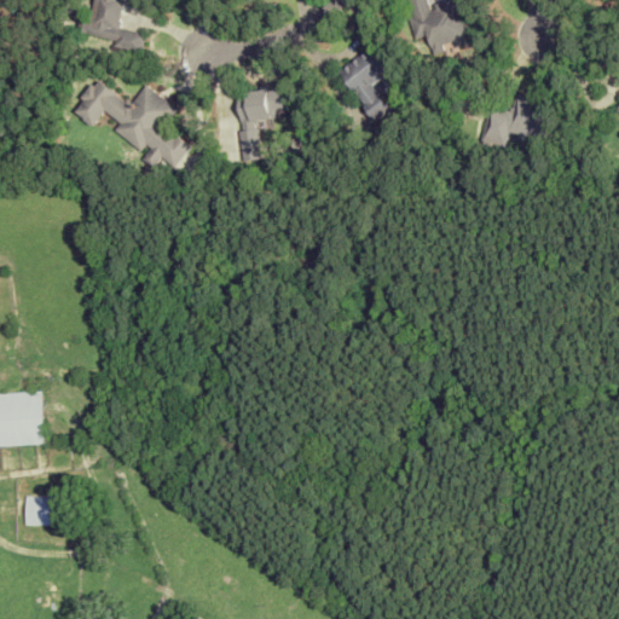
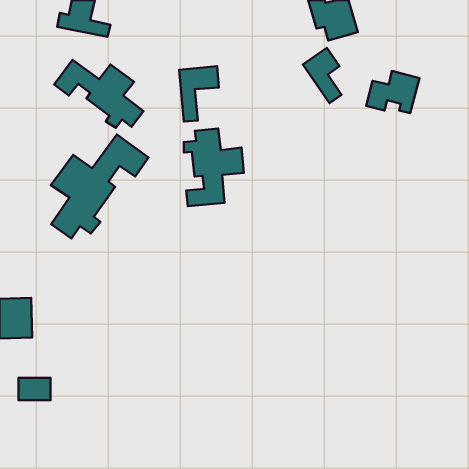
building: [339,48,389,121] -> [303,48,341,103]
building: none -> [184,128,244,206]
building: none -> [51,135,149,239]

